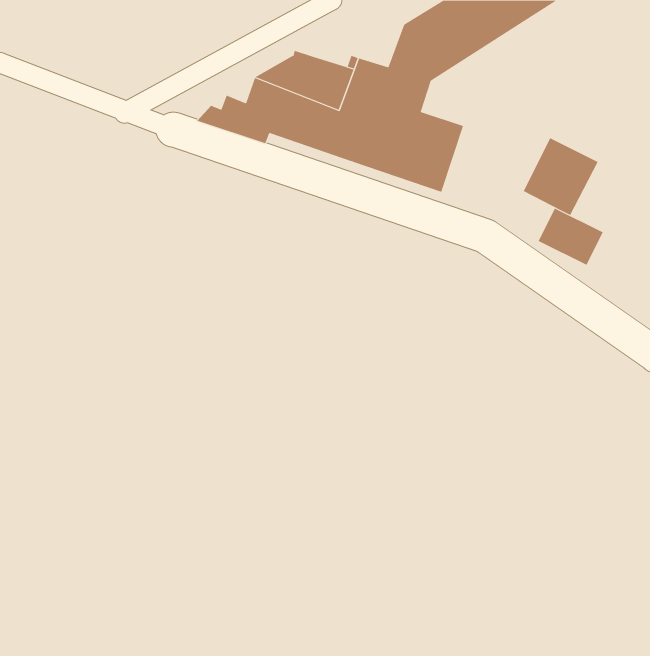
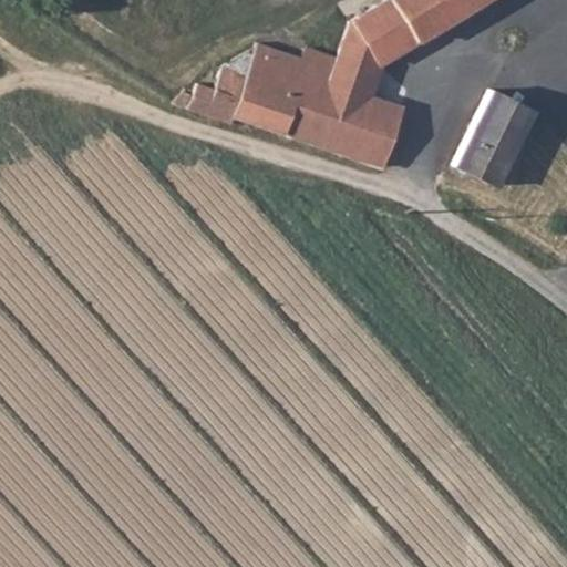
building: [538,208,603,266] -> [480,90,536,140]

